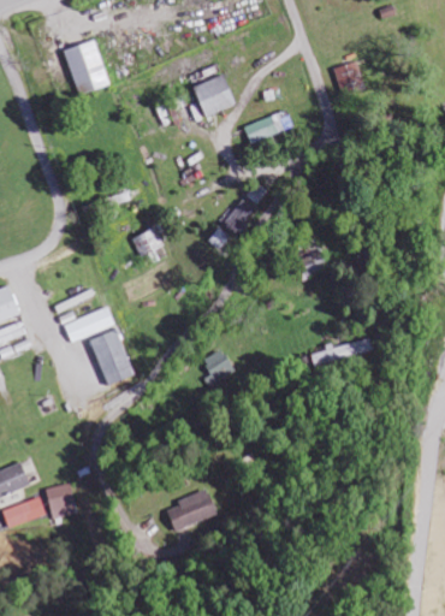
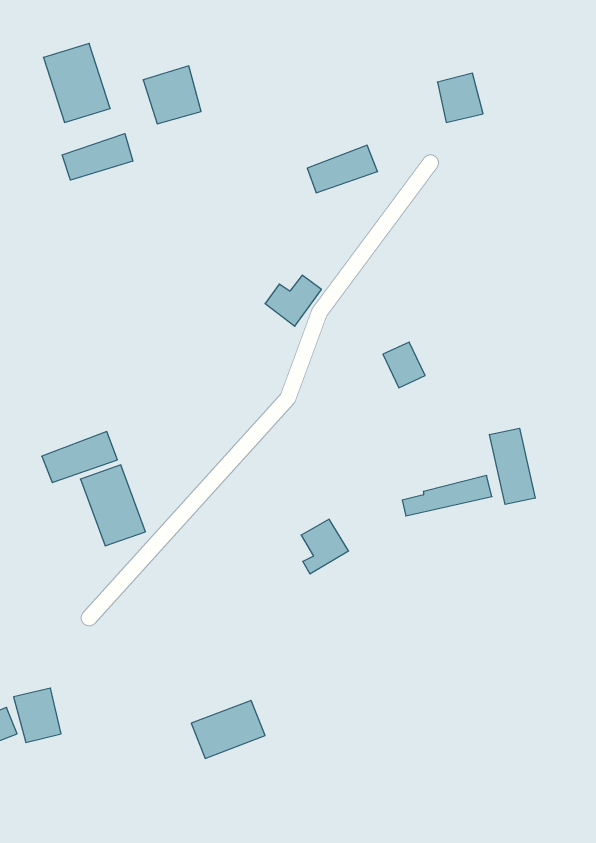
building: [195,76,235,116] -> [143,66,201,124]
building: none -> [62,134,133,180]
building: [131,227,162,257] -> none
building: none -> [489,428,535,504]
building: [201,349,233,386] -> [301,519,349,574]

